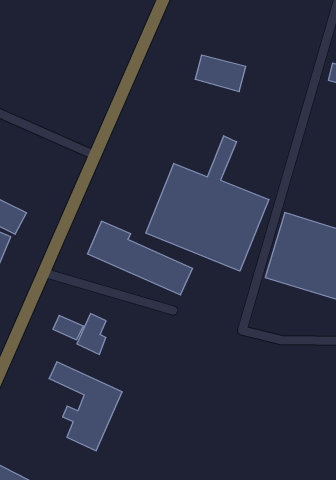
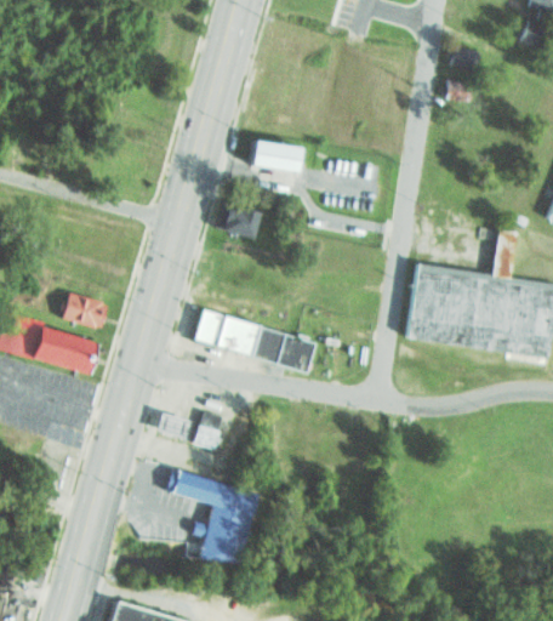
building: [195,55,246,92] -> [249,138,306,175]
building: [146,136,269,271] -> none
building: none -> [221,204,260,240]

